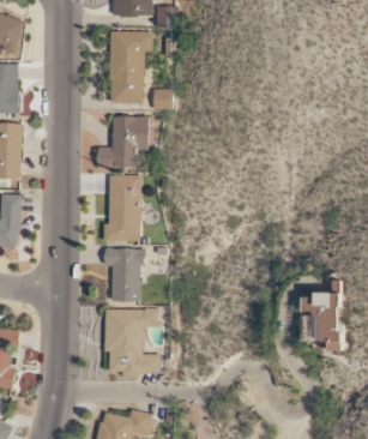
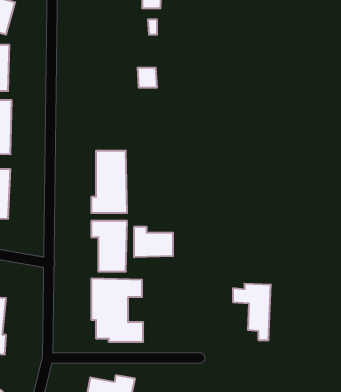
building: [110,31,151,103] -> none
building: [97,115,149,168] -> none
building: none -> [134,227,173,257]
building: [302,291,342,350] -> [233,284,271,340]

